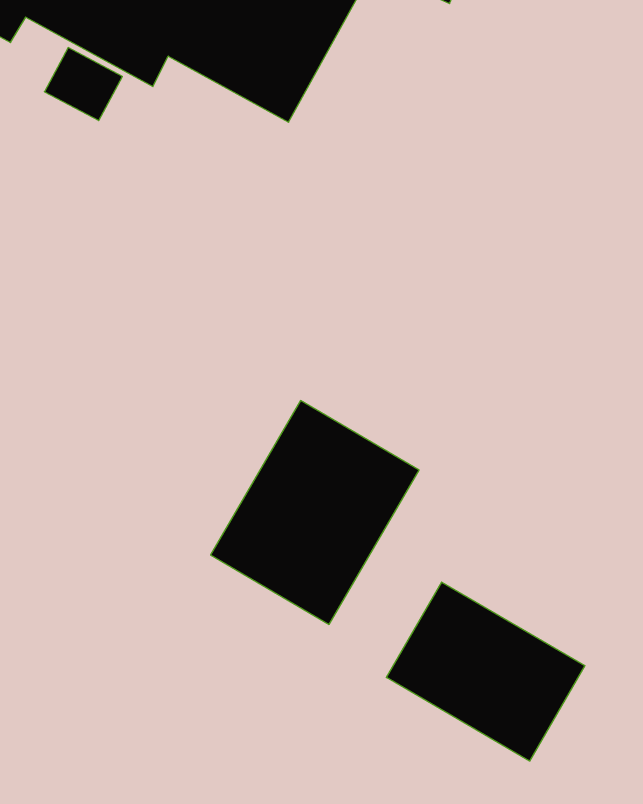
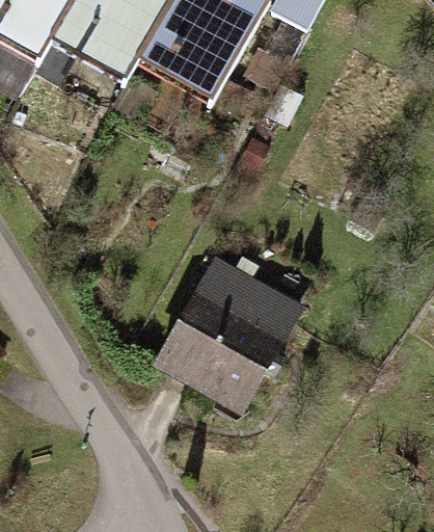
building: [386,582,585,761] -> none

